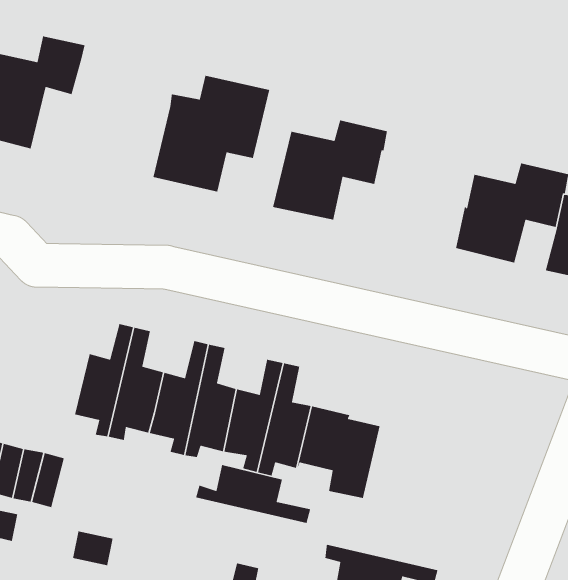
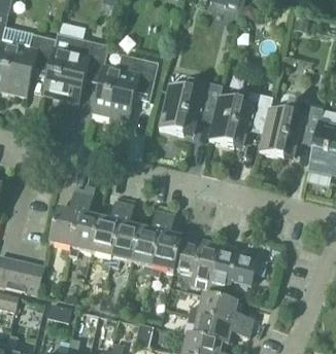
building: none -> [42,31,108,101]
building: none -> [209,90,273,146]
building: none -> [209,247,258,292]
building: [195,464,311,524] -> [189,293,253,326]

